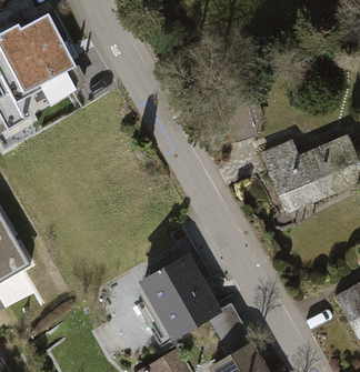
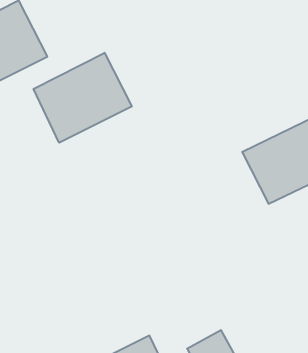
building: none -> [34,53,132,143]
building: [139,252,222,340] -> none

